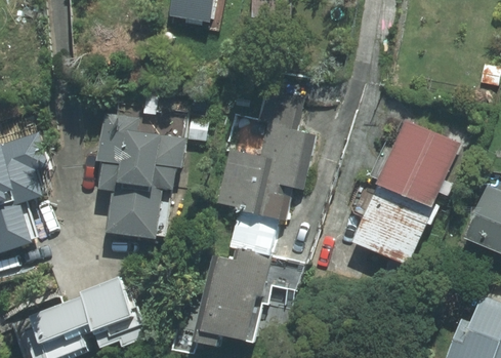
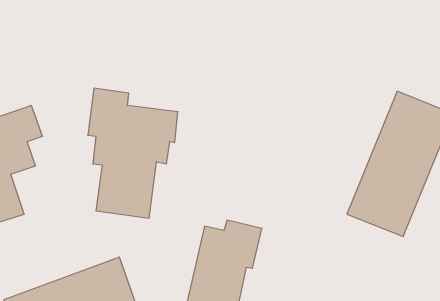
building: [219,124,315,253] -> none

